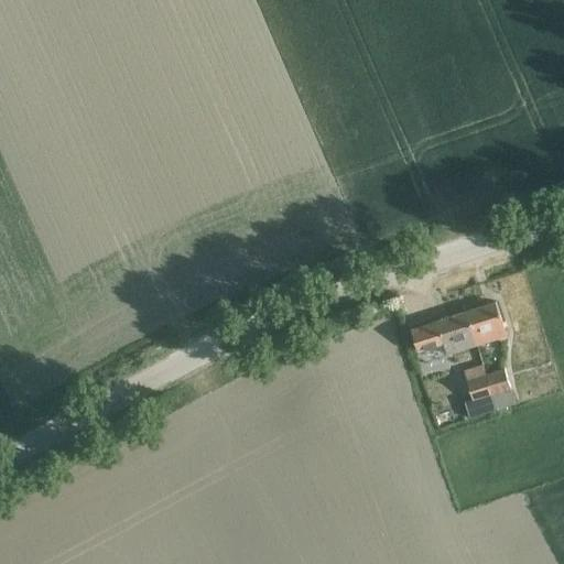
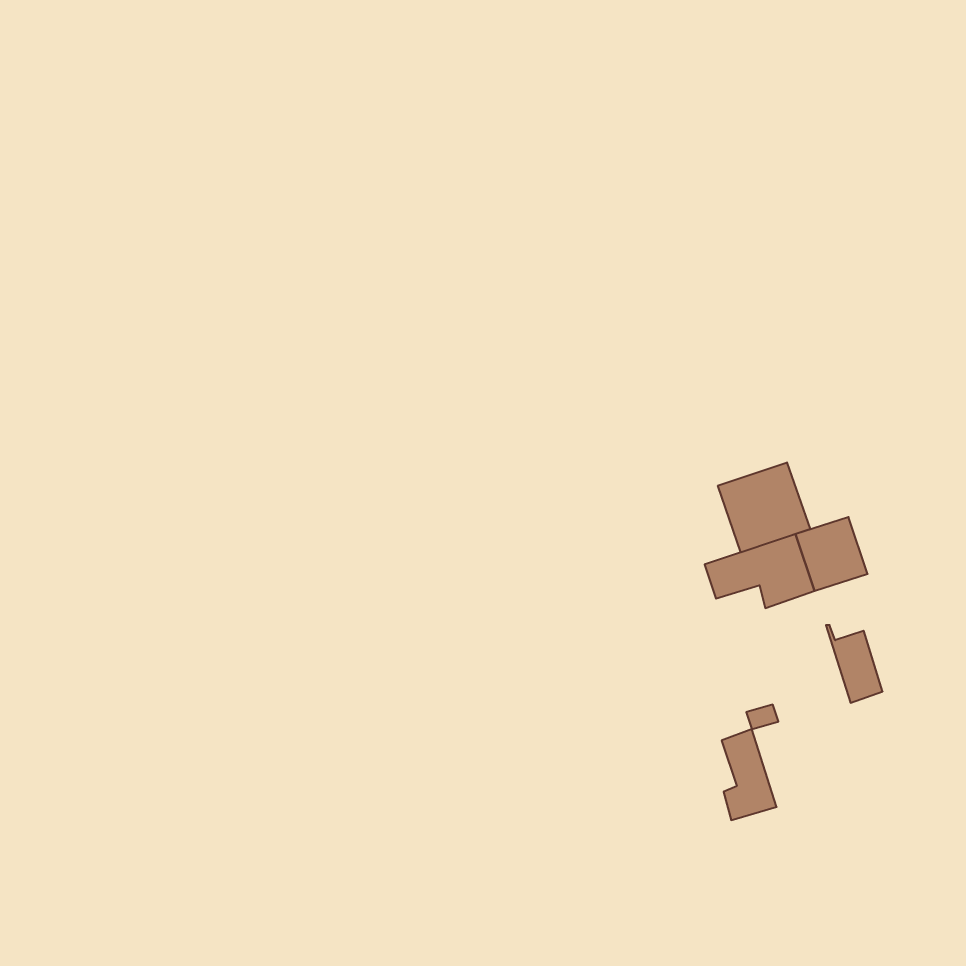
building: none -> [718,462,810,552]
building: [463,365,495,417] -> [722,729,777,820]

